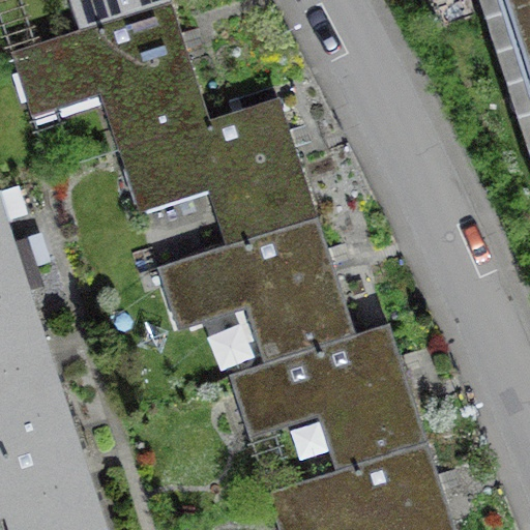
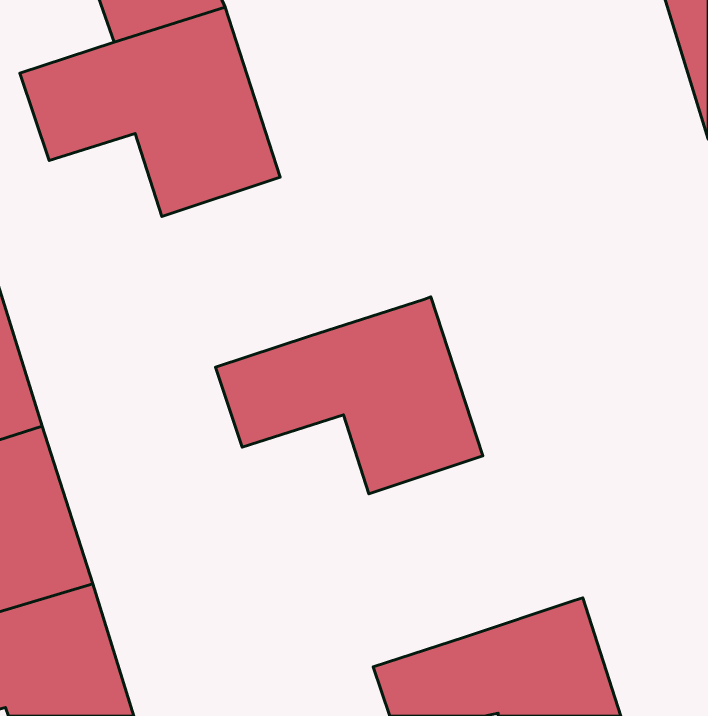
building: [119,109,312,247] -> none
building: [235,326,422,469] -> none

